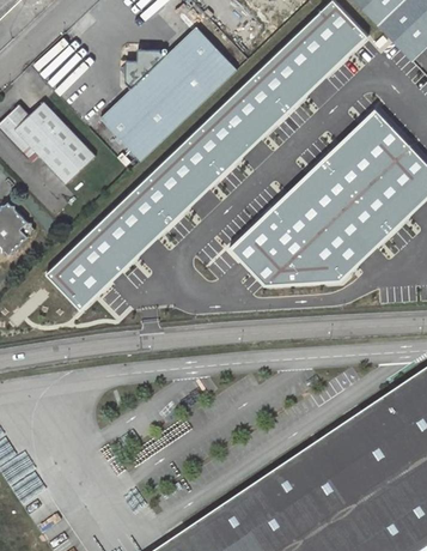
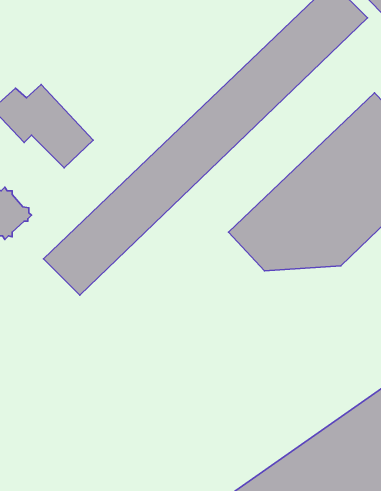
building: [102,25,239,161] -> none

